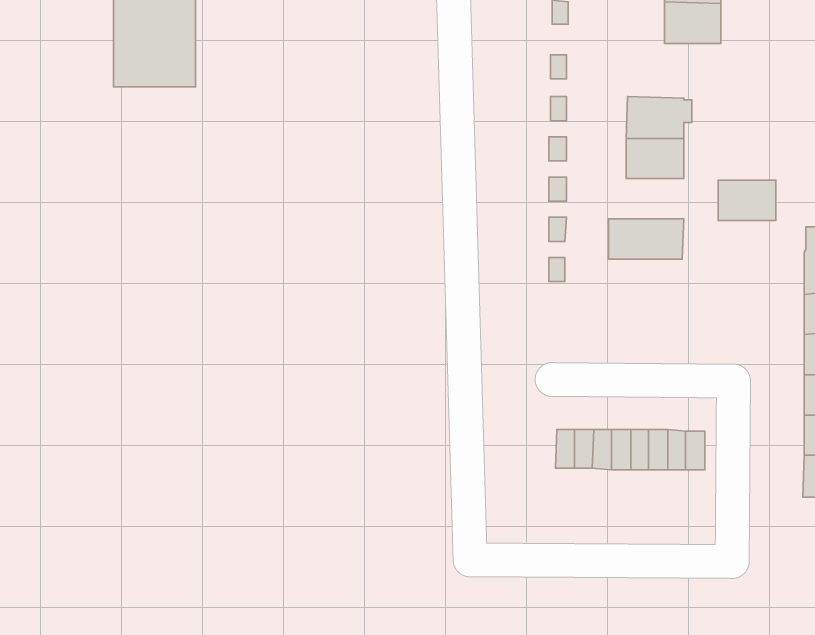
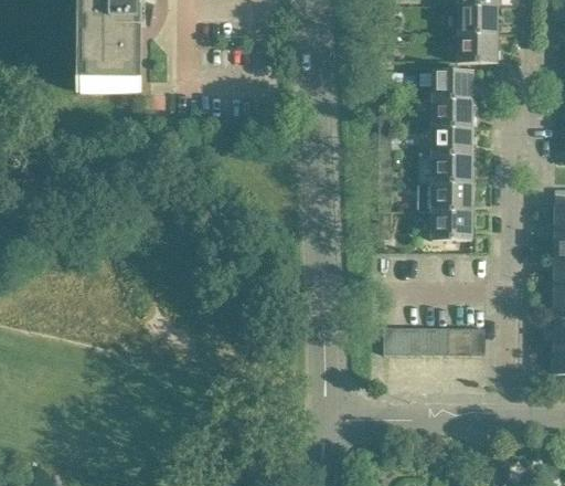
building: none -> [433,72,472,101]
building: [718,180,776,220] -> [431,156,471,183]
building: none -> [430,211,470,240]

